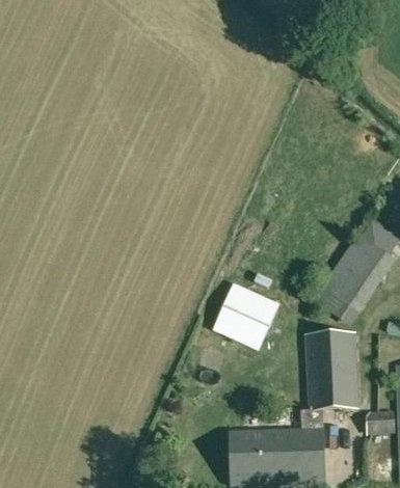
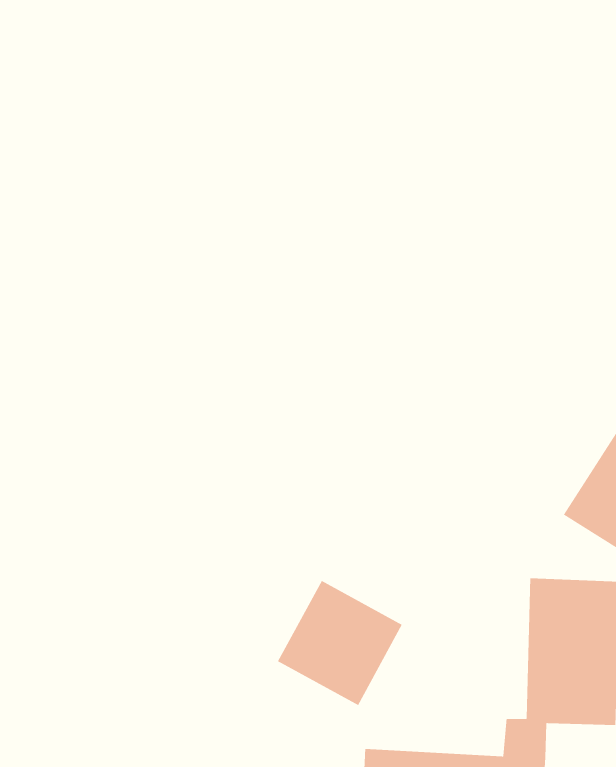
building: [213,283,277,348] -> [277,580,403,706]

